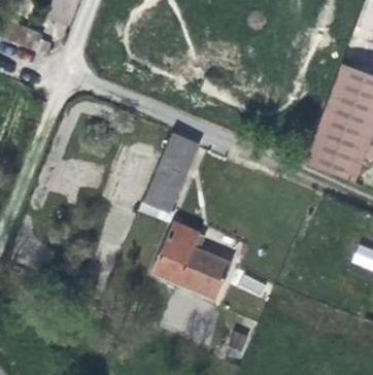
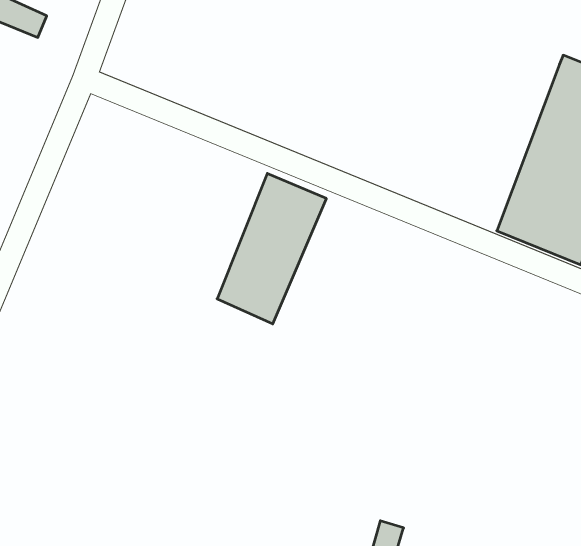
building: [156,224,232,299] -> none

